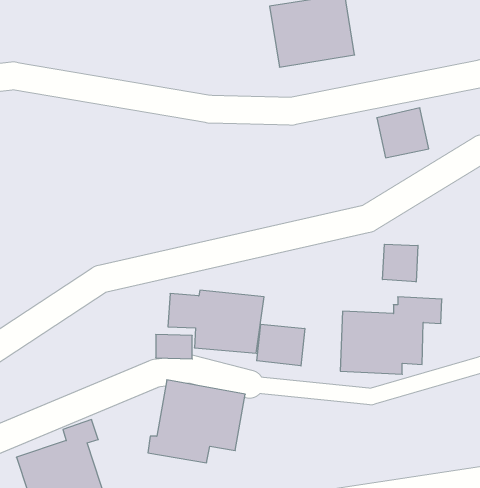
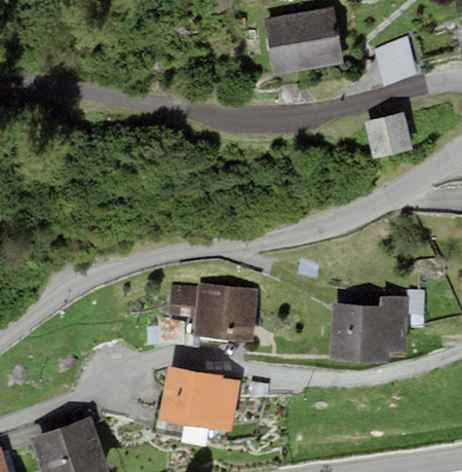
building: none -> [374,35,417,84]
building: [383,244,418,282] -> none
building: [257,324,305,366] -> none

